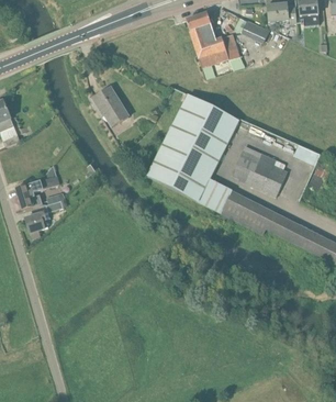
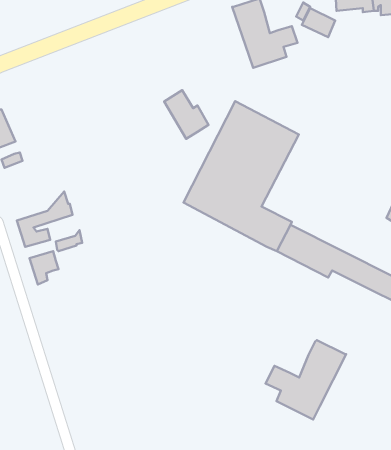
building: [93,88,128,126] -> [164,90,208,139]
building: [234,146,287,197] -> none
building: none -> [266,340,346,419]

